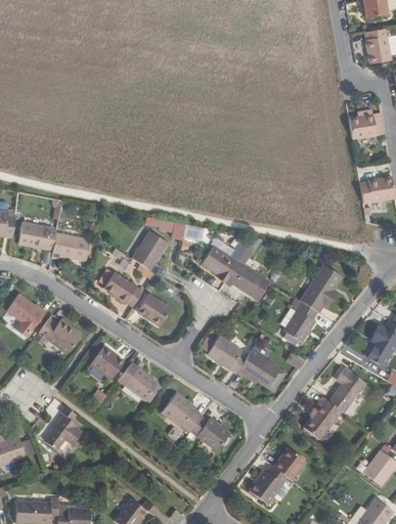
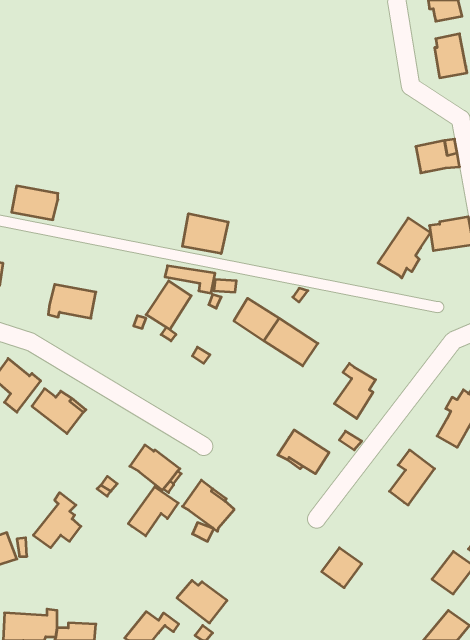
building: none -> [182,214,228,254]
building: [17,221,55,249] -> [12,186,58,220]
building: [300,263,343,312] -> [378,218,431,278]
building: [98,269,142,305] -> none
building: [137,293,170,325] -> none
building: [207,336,247,374] -> none
building: [89,345,122,380] -> none
building: [304,396,341,439] -> none
building: none -> [128,487,178,536]
building: [189,417,230,451] -> [177,580,227,623]
building: [250,465,288,505] -> none

